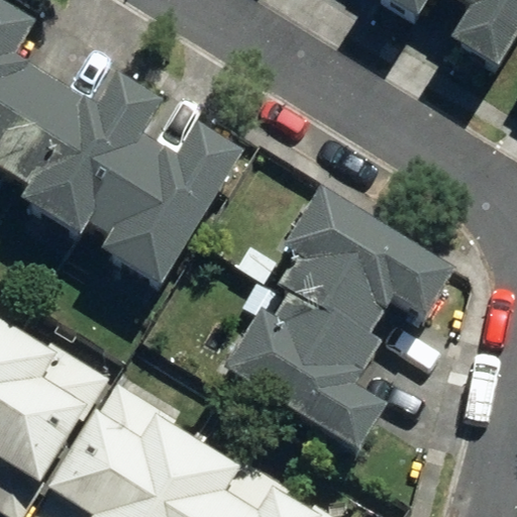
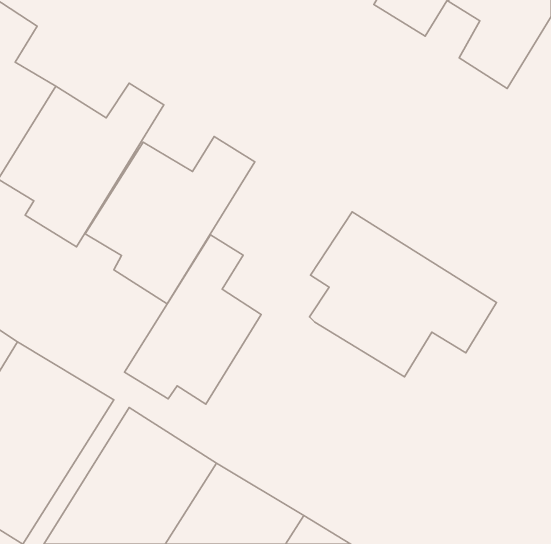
building: none -> [124,235,261,404]
building: [230,298,390,451] -> none

